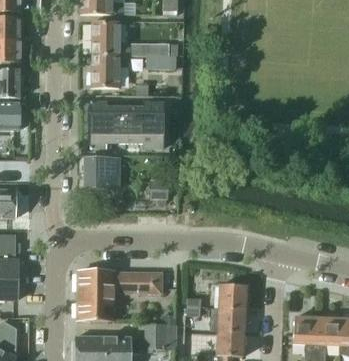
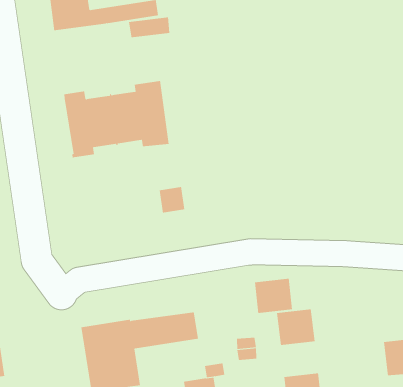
building: [91,55,130,88] -> none
building: [84,159,120,189] -> none
building: [218,308,245,332] -> [254,278,293,314]

